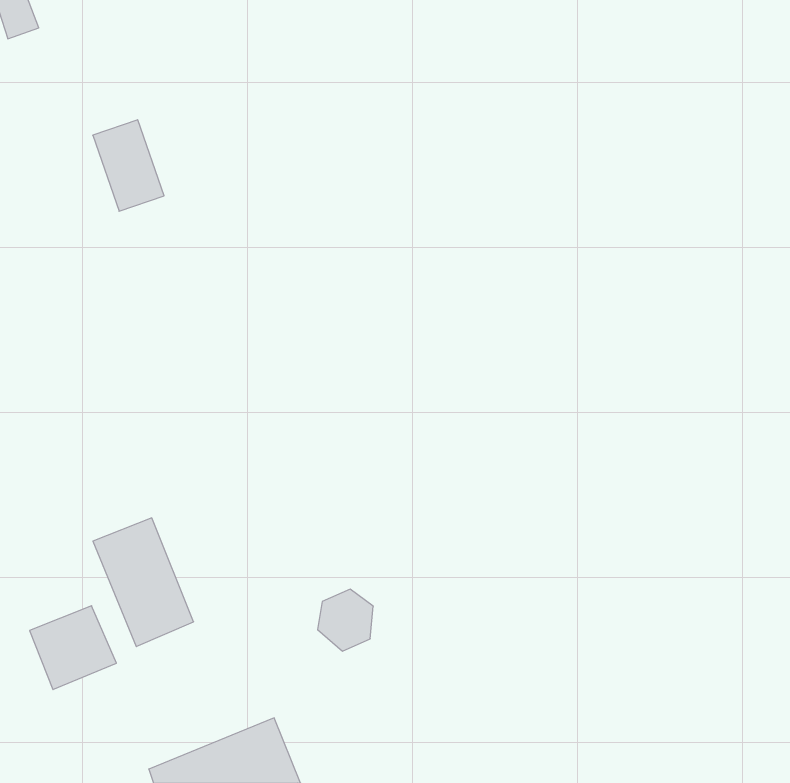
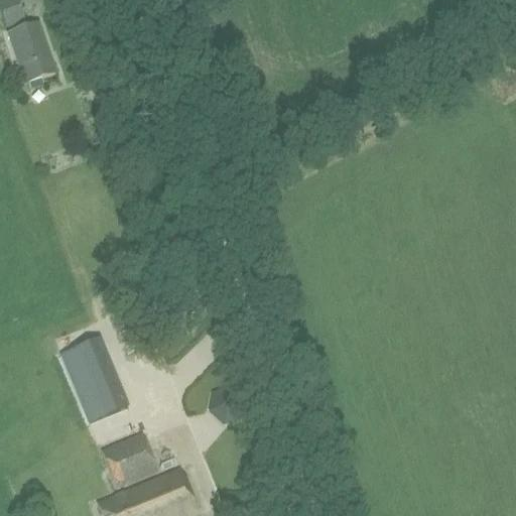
building: [93,120,164,211] -> [8,20,54,80]
building: [30,606,116,690] -> [101,430,157,485]

